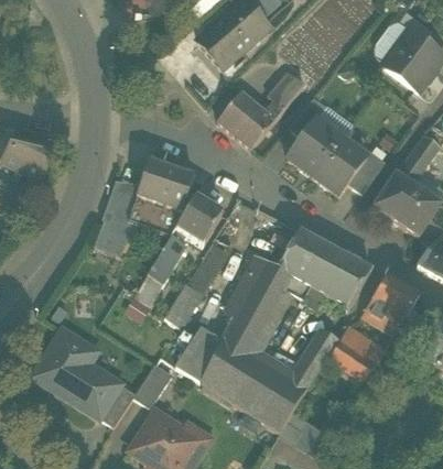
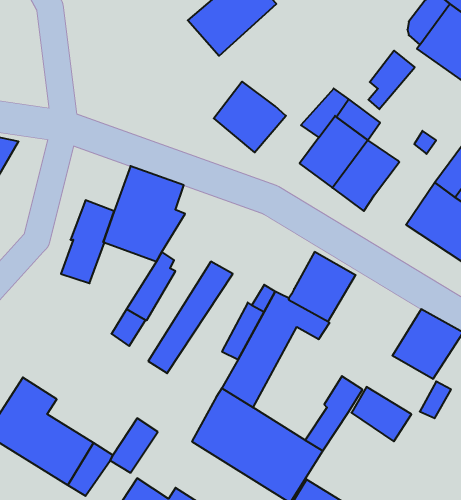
building: [268,70,305,118] -> [368,51,415,109]
building: [348,149,386,192] -> none
building: [176,195,224,244] -> none
building: [311,247,372,305] -> none
building: [176,330,220,381] -> none

